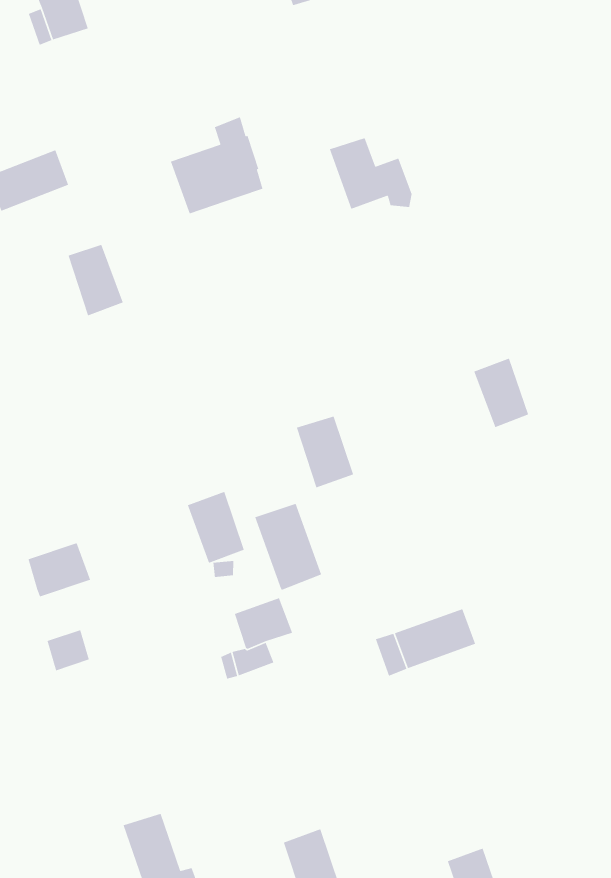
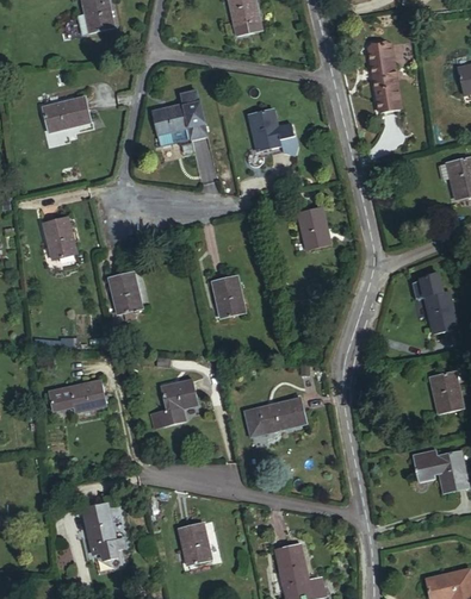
building: none -> [370,43,403,113]
building: [68,244,124,317] -> [44,217,75,260]
building: [473,358,529,428] -> [298,206,329,248]
building: [187,491,245,564] -> [109,270,141,313]
building: [254,503,322,591] -> none
building: [28,542,91,597] -> [70,380,107,411]

